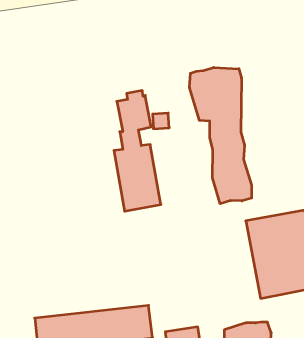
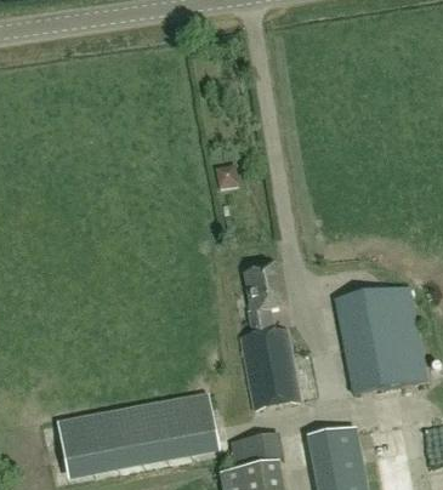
building: [190,67,252,204] -> none
building: [114,91,161,211] -> [240,262,299,411]

